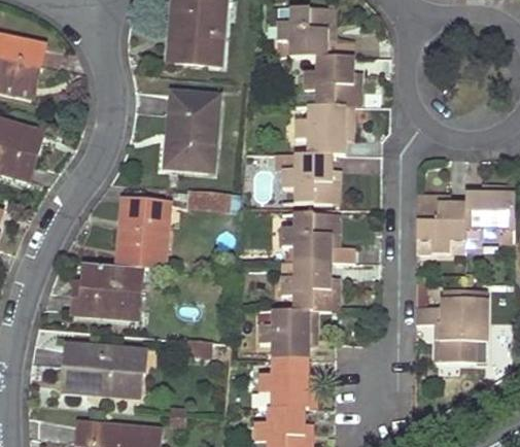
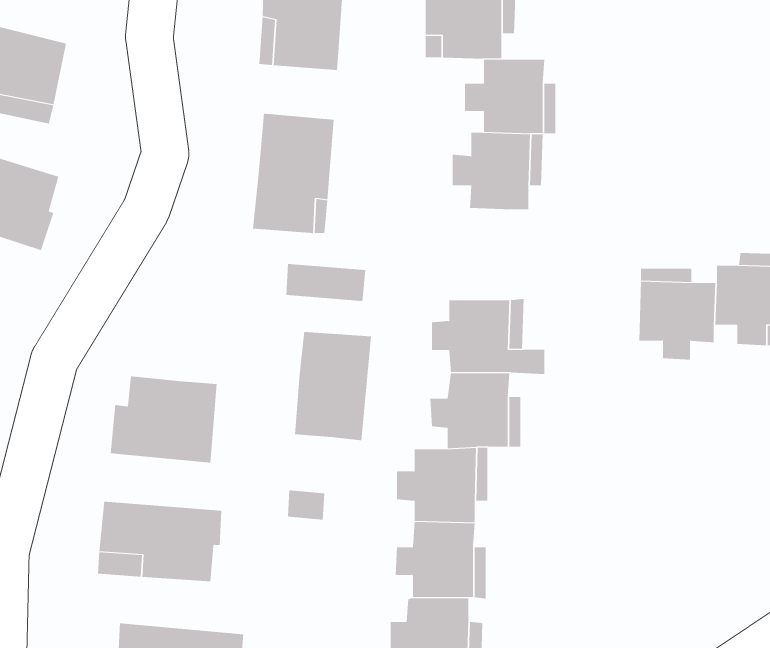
building: [276,153,342,203] -> none
building: [117,199,168,270] -> [294,331,372,441]
building: [415,289,487,360] -> none

